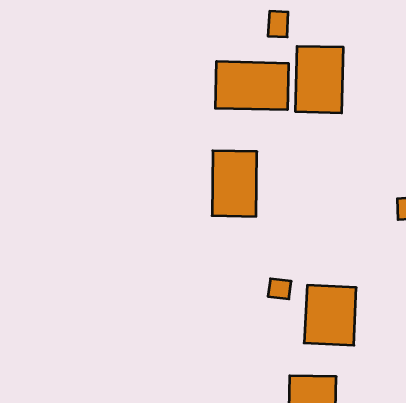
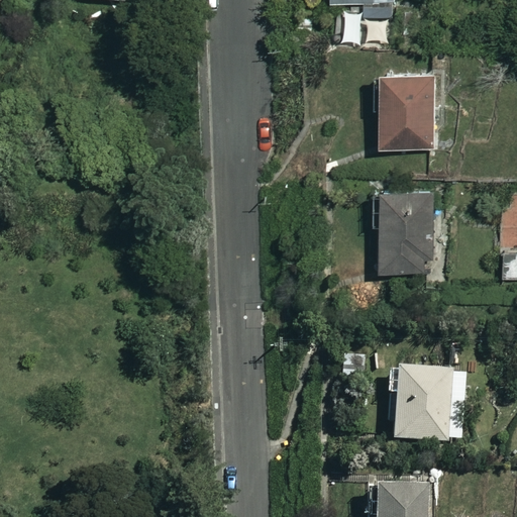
building: [215,61,288,110] -> none
building: [212,151,257,216] -> [379,189,435,272]

